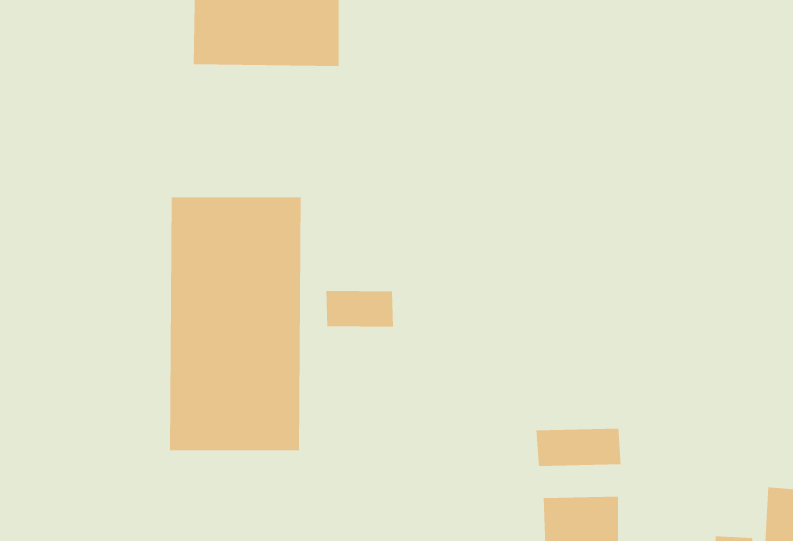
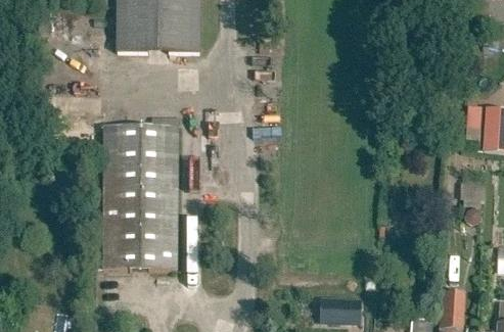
building: [326,290,394,327] -> none
building: [536,428,621,467] -> none

